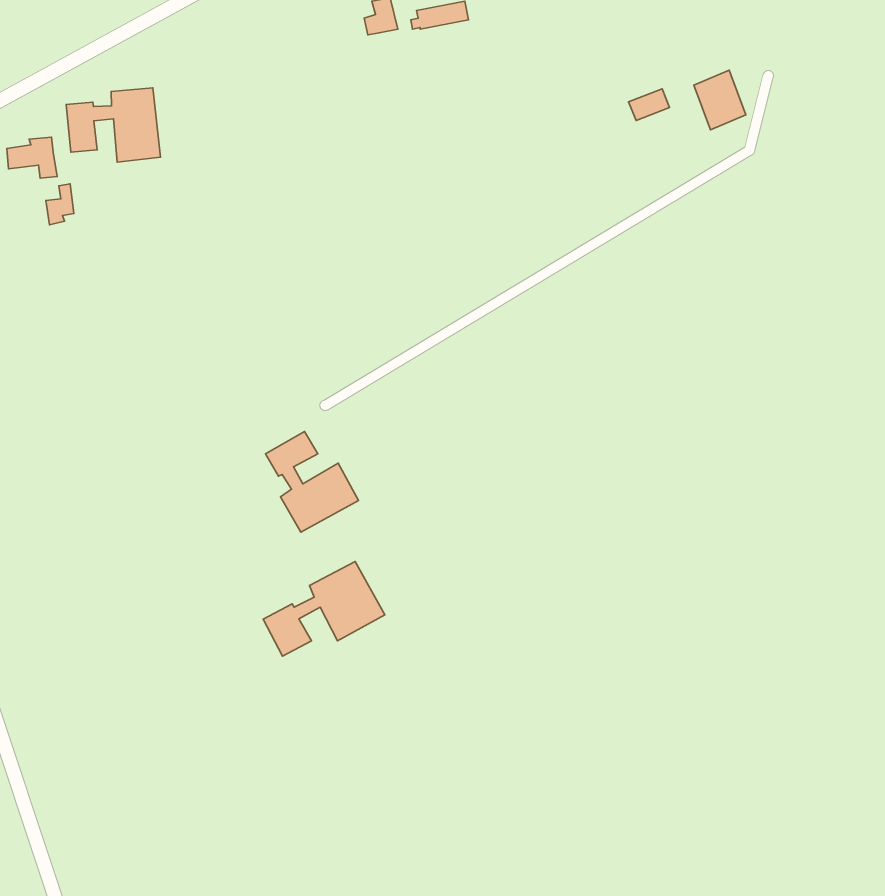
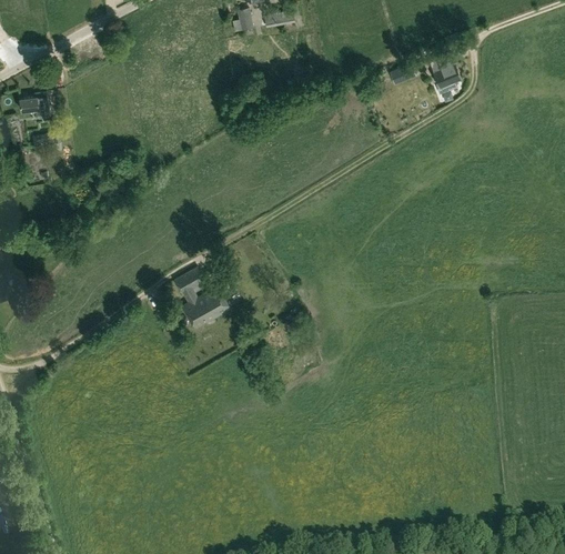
building: [66,88,161,162] -> none
building: [263,561,385,656] -> none

